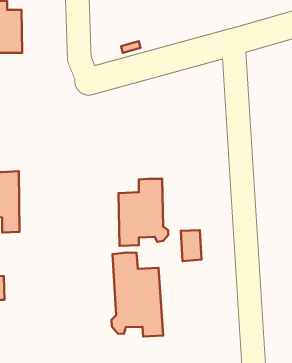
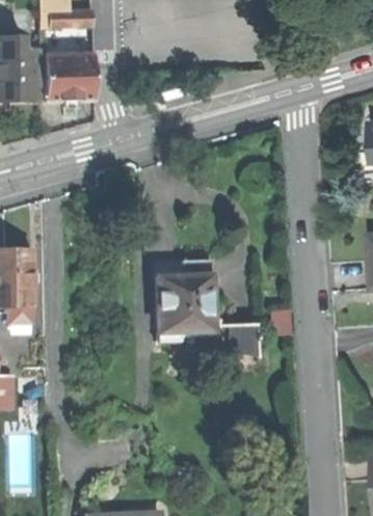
building: none -> [43,53,90,107]
building: [111,253,163,336] -> none

